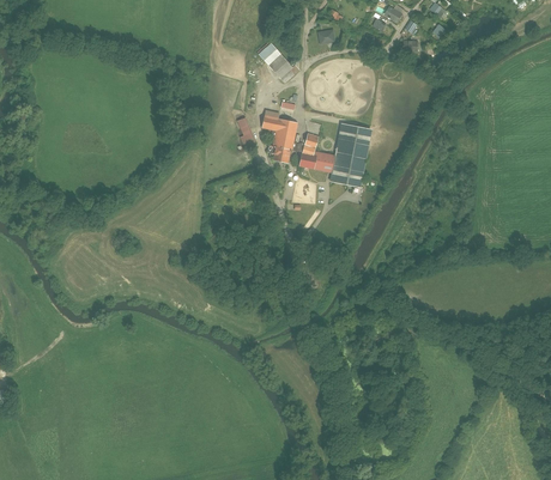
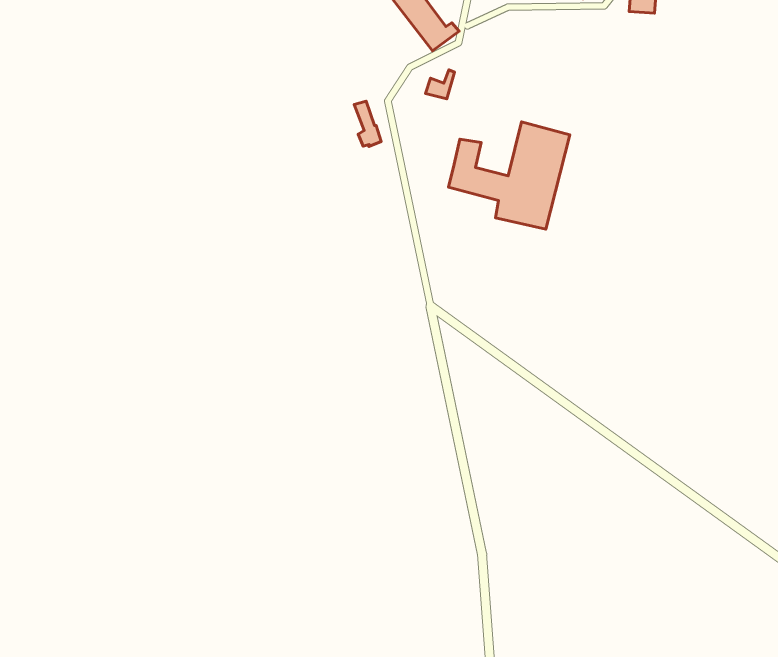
building: [262,110,298,160] -> none

